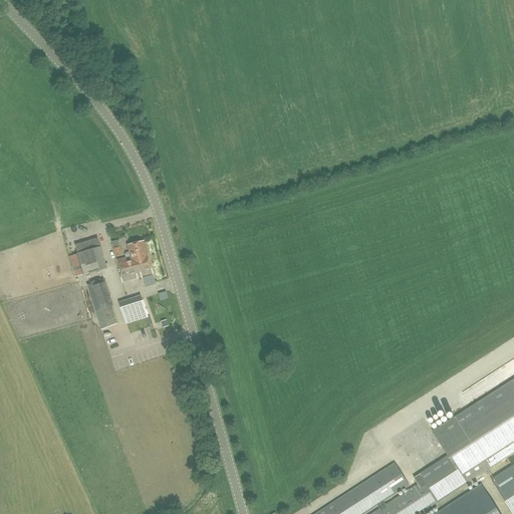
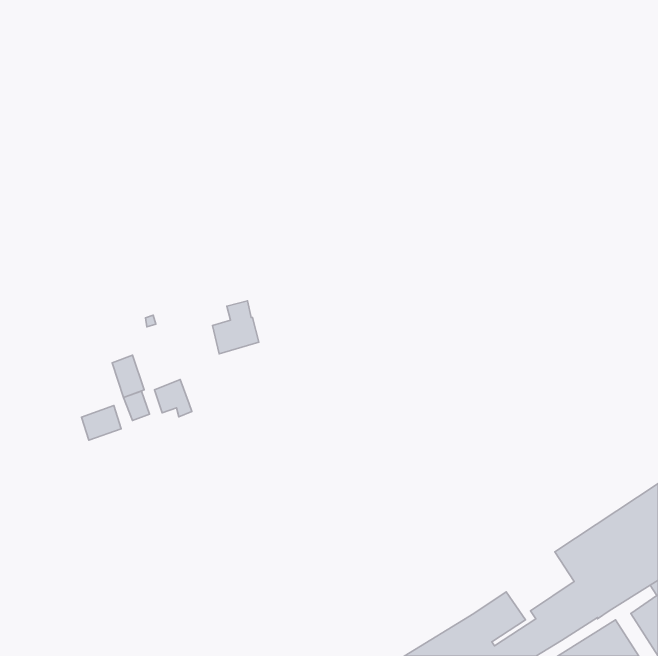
building: [69,238,107,276] -> none
building: [116,240,153,281] -> [213,301,259,354]
building: none -> [81,406,121,440]

